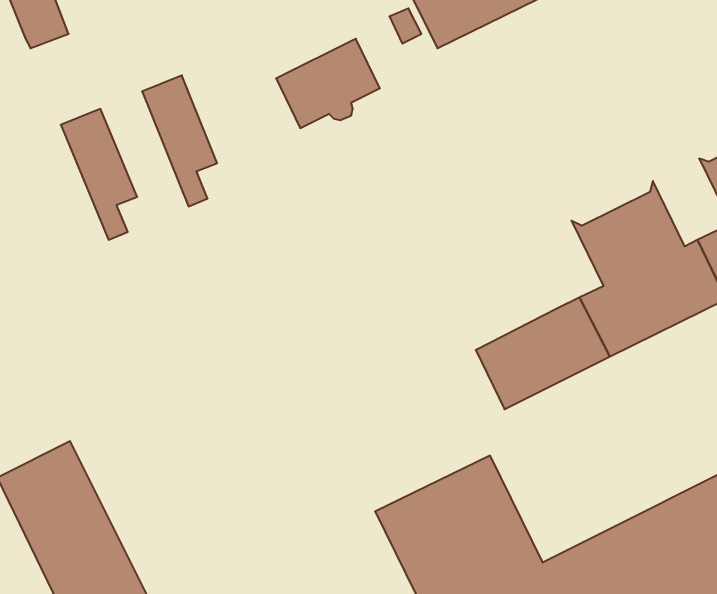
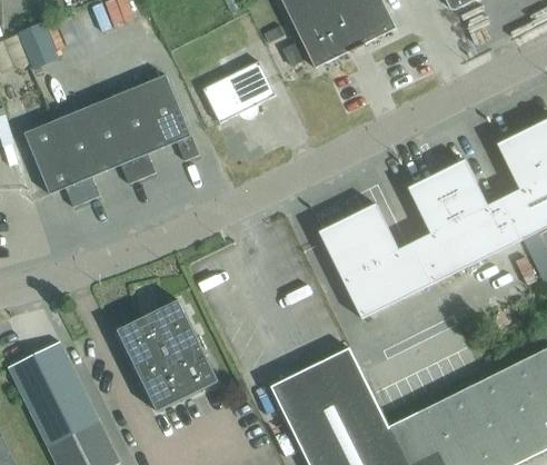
building: none -> [137,73,199,160]
building: none -> [80,97,141,182]
building: none -> [23,120,86,206]
building: none -> [318,202,398,277]
building: none -> [121,299,218,410]

